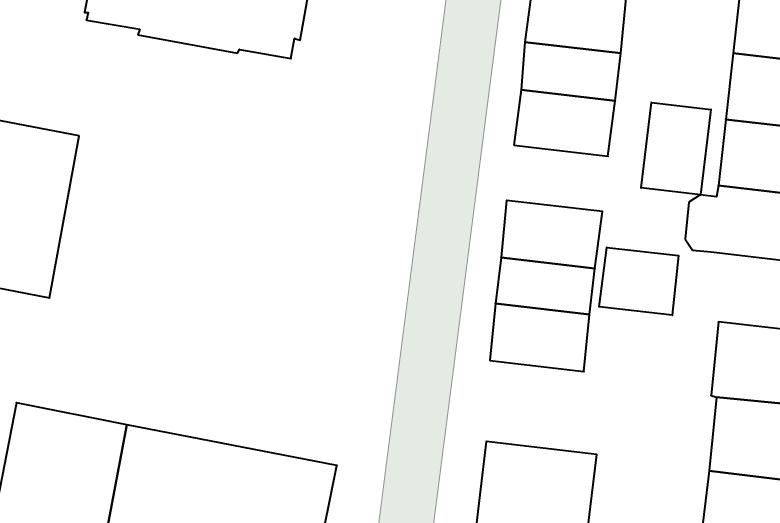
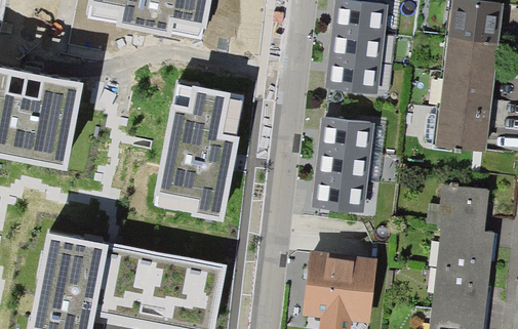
building: [641,102,711,195] -> none
building: none -> [153,85,244,221]
building: [599,247,679,315] -> none

